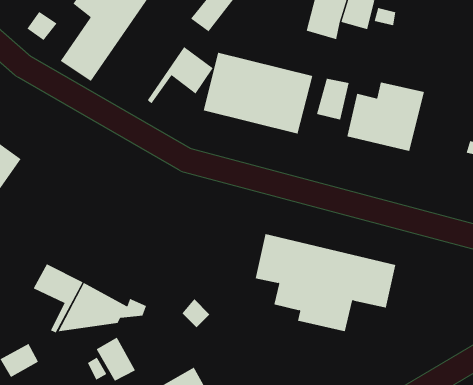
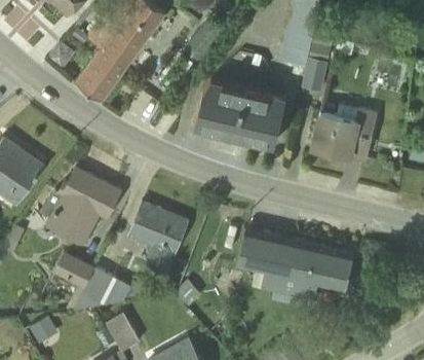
building: [147,46,214,104] -> none
building: [316,78,350,120] -> [302,59,330,94]
building: none -> [41,168,120,246]
building: none -> [128,203,188,275]

